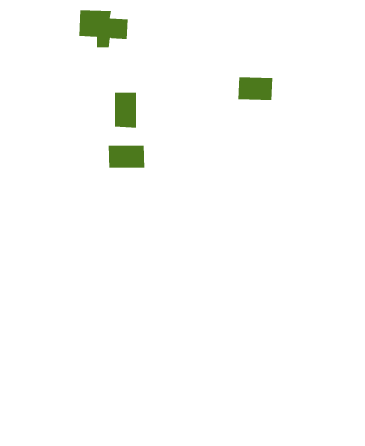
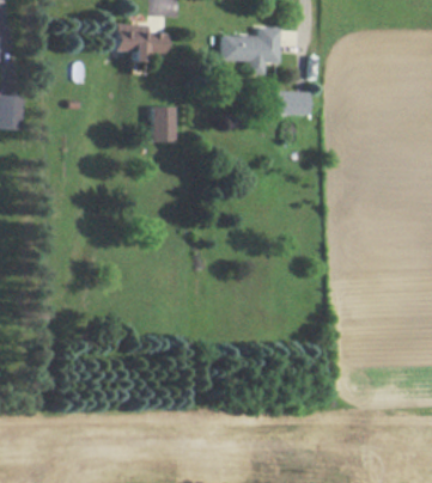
building: none -> [221,26,281,75]
building: [108,145,145,168] -> none

